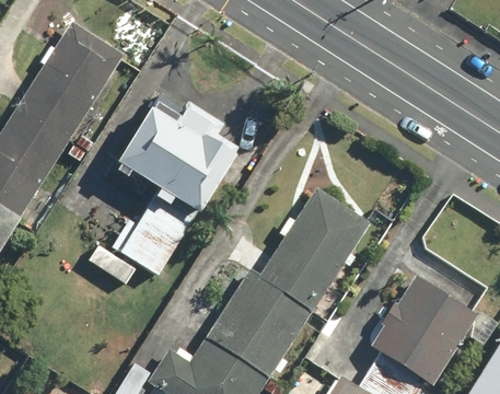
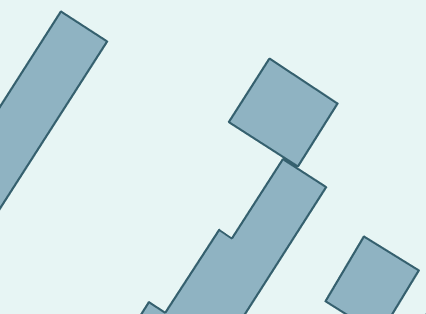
building: none -> [229,59,338,166]
building: [89,94,239,285] -> none

